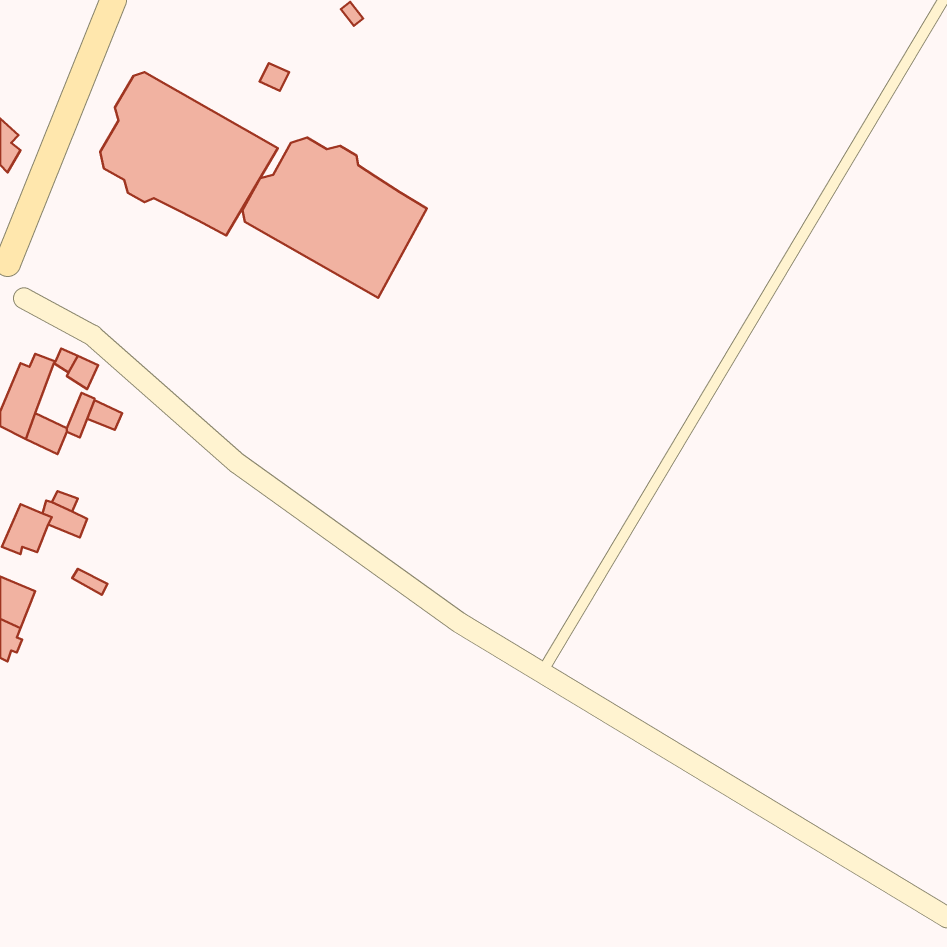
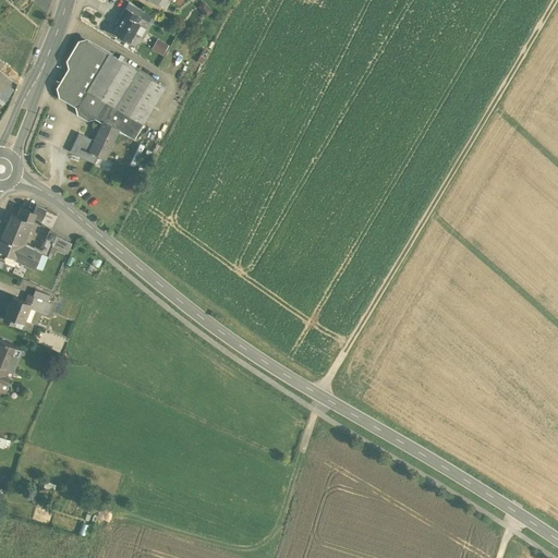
building: none -> [114,8,138,41]
building: [242,137,427,298] -> none
building: none -> [70,122,117,163]

